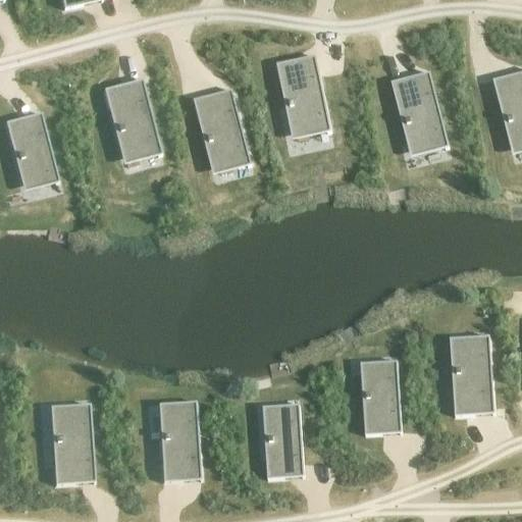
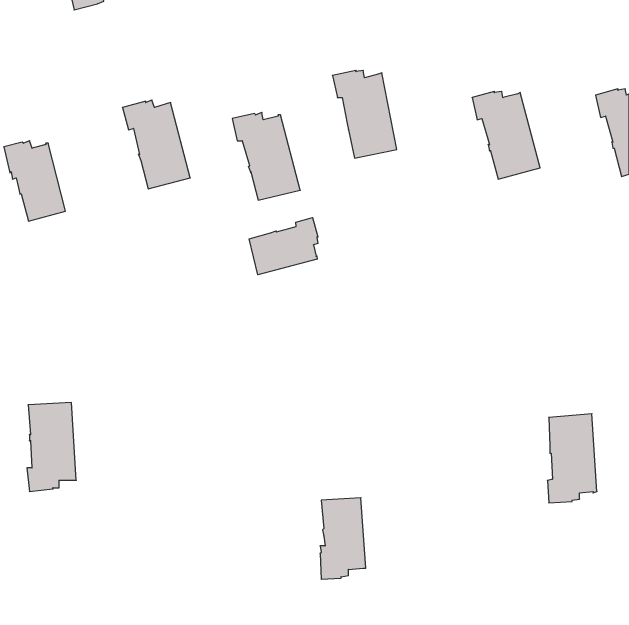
building: none -> [249,218,318,275]
building: [362,367,400,434] -> none
building: [159,408,200,481] -> none
building: [51,411,92,484] -> [27,403,76,491]

